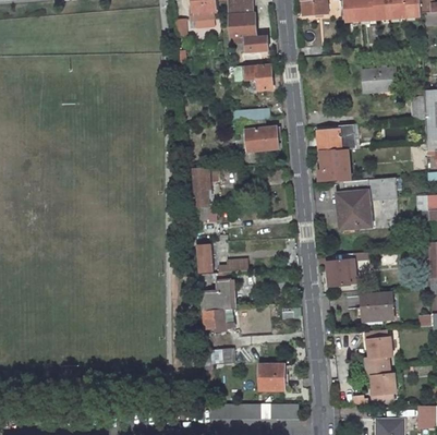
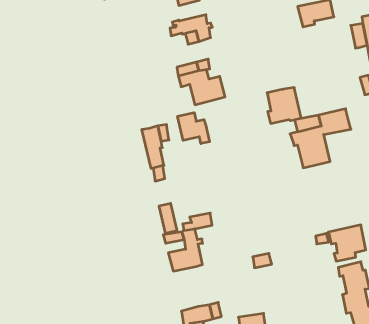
building: [317,124,360,150] -> none
building: none -> [178,113,210,144]
building: [320,253,356,287] -> none
building: [203,310,235,331] -> none

